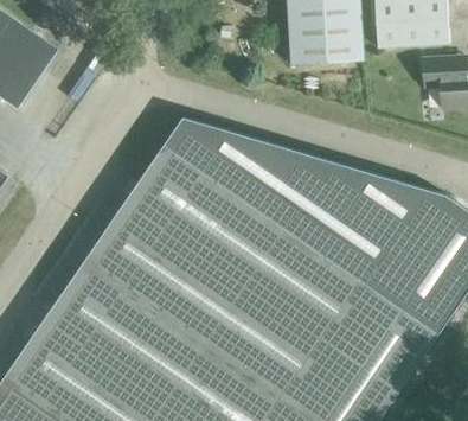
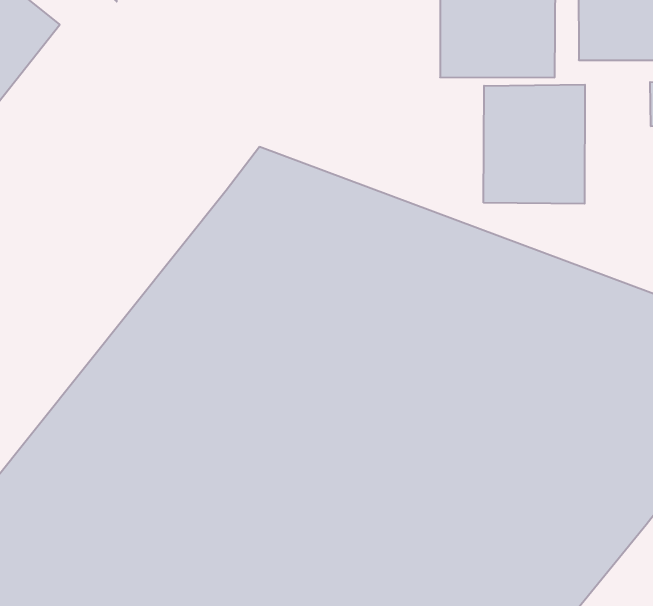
building: none -> [484,85,585,204]

